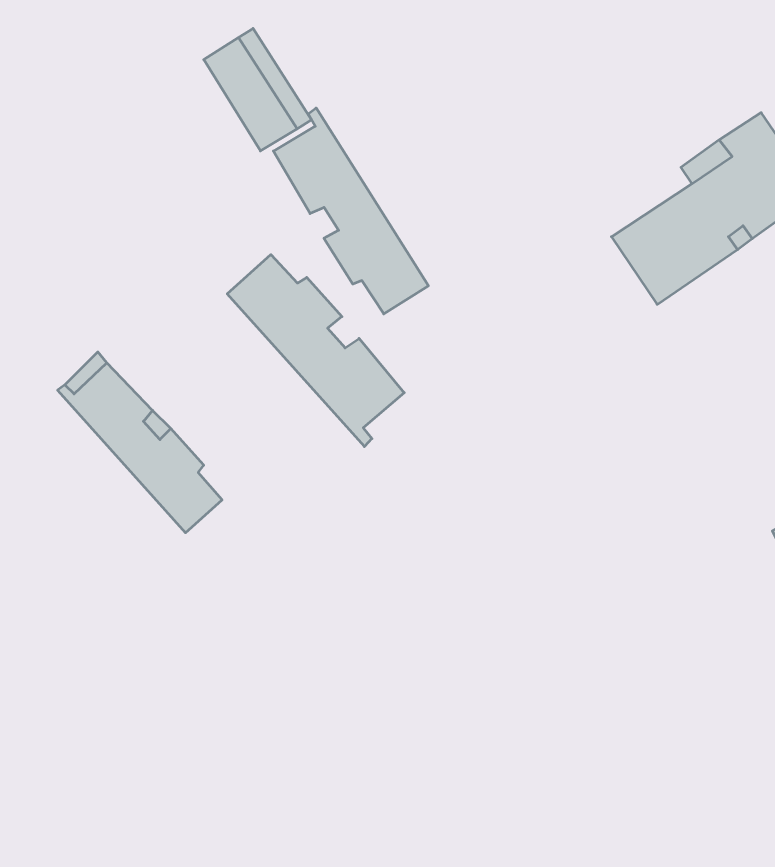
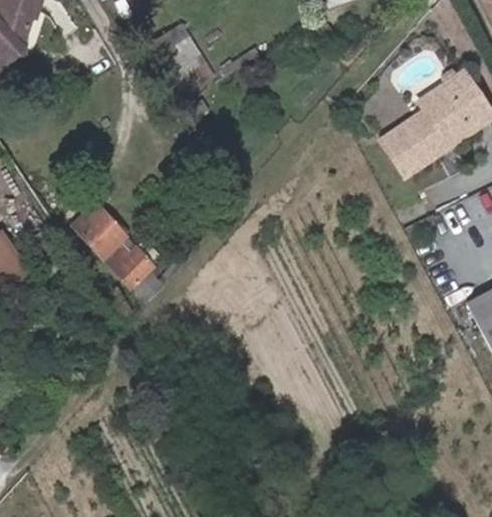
building: [273,108,428,314] -> none
building: [227,255,404,447] -> none

